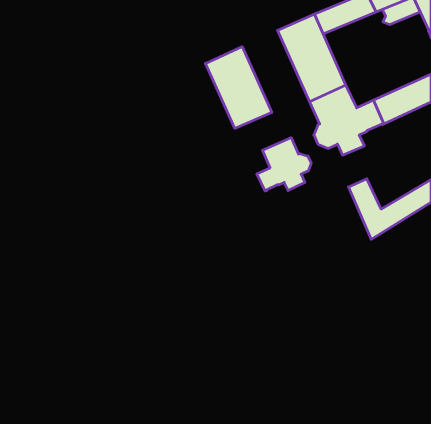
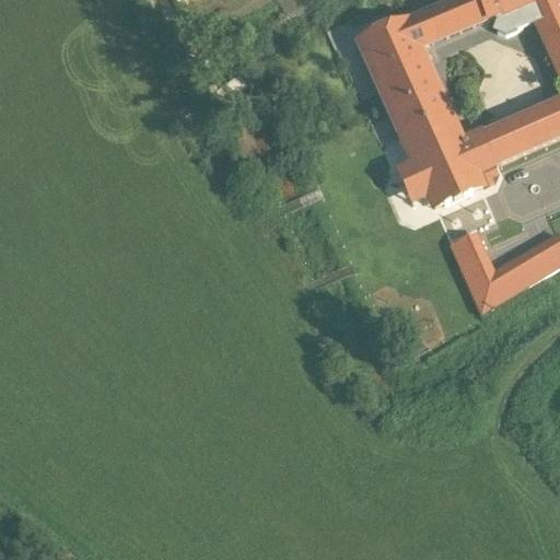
building: [205,47,272,128] -> none
building: [257,138,311,191] -> none

